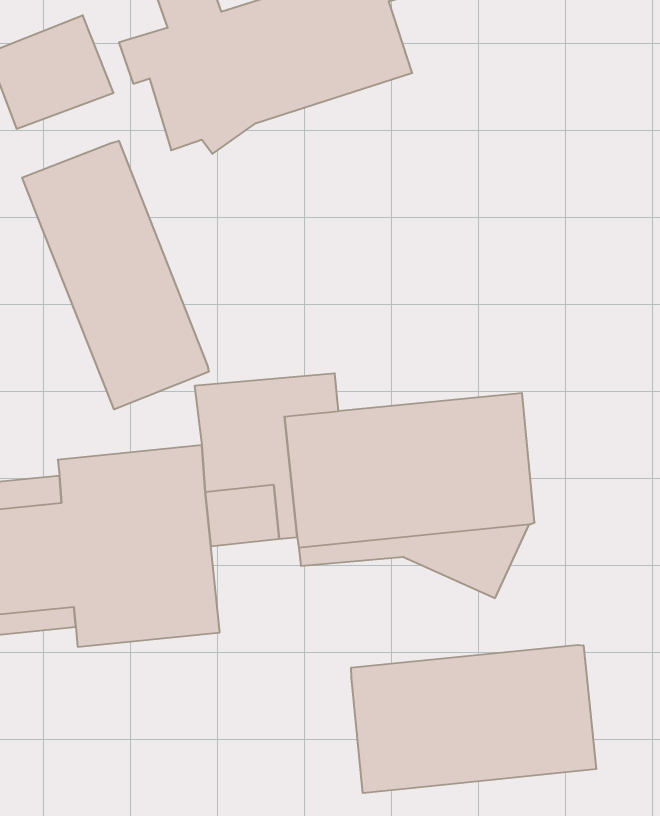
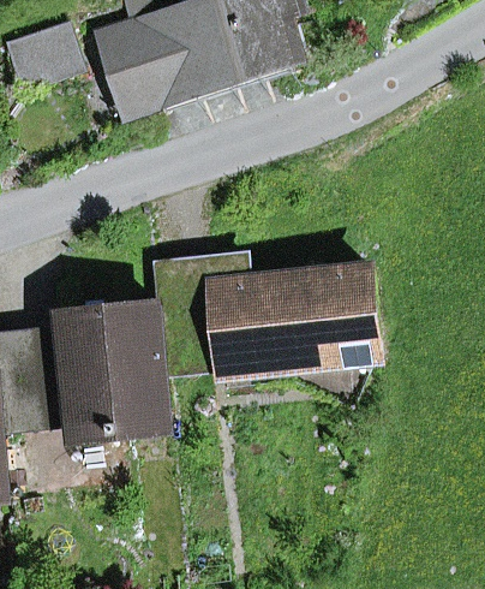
building: [22,141,209,409] -> none
building: [351,645,596,793] -> none

